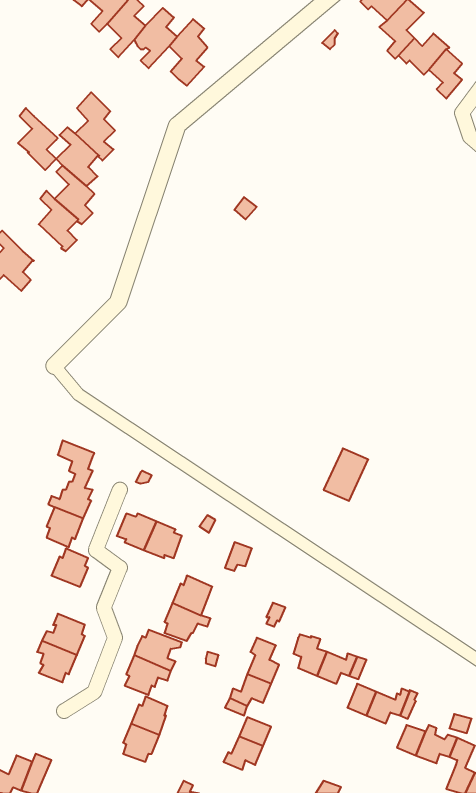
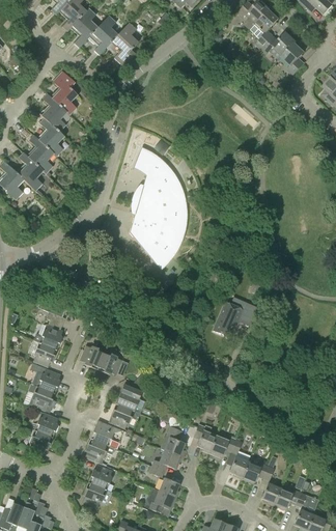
building: [18,108,58,170] -> [18,151,44,192]
building: none -> [130,148,186,269]
building: none -> [29,384,55,411]

